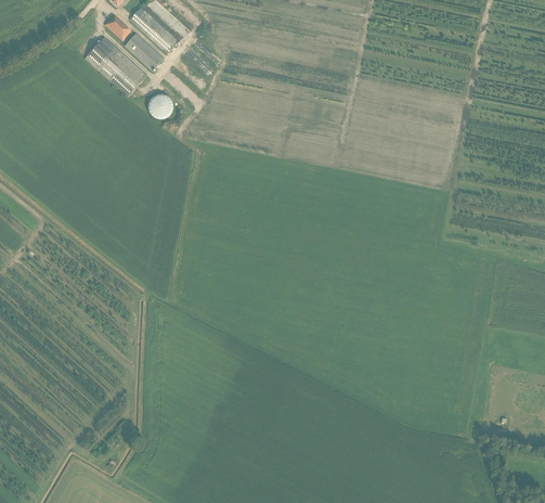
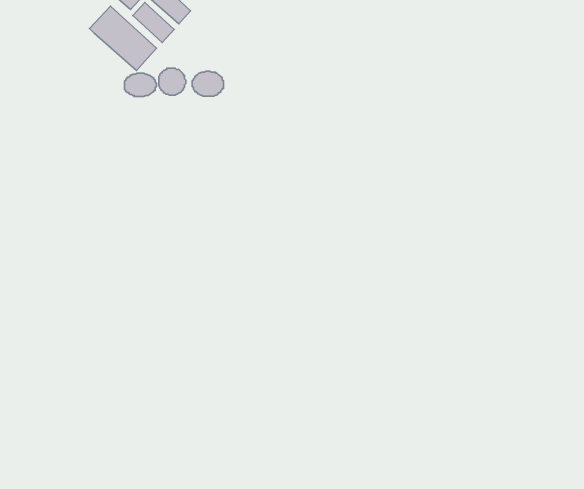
building: none -> [192,71,224,96]
building: none -> [124,73,156,97]

